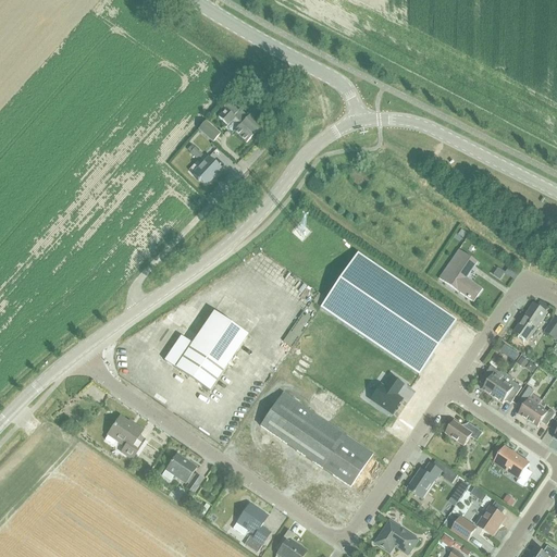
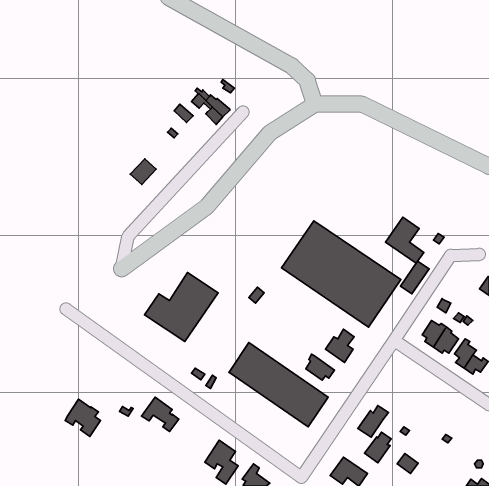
building: [191,154,221,184] -> [130,159,156,185]
building: [515,301,547,338] -> [400,261,429,294]
building: none -> [306,354,334,380]
building: [104,413,145,456] -> [65,399,100,437]
building: [445,419,483,444] -> none
building: [492,445,532,485] -> none
building: [476,499,507,534] -> [364,432,391,463]

